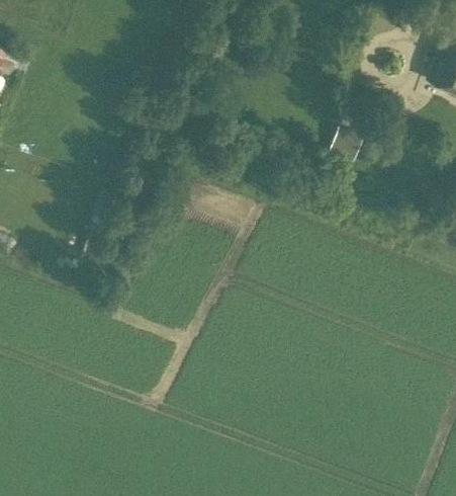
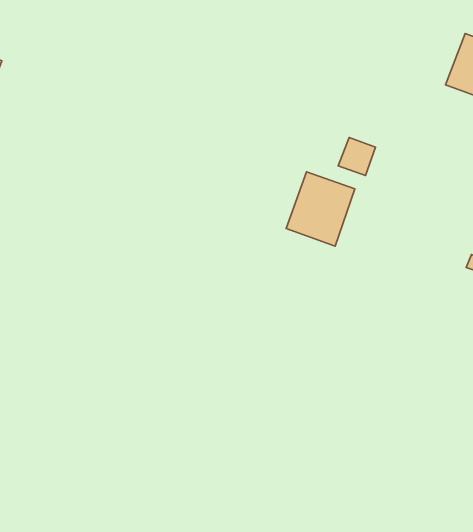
building: none -> [286,172,355,246]

